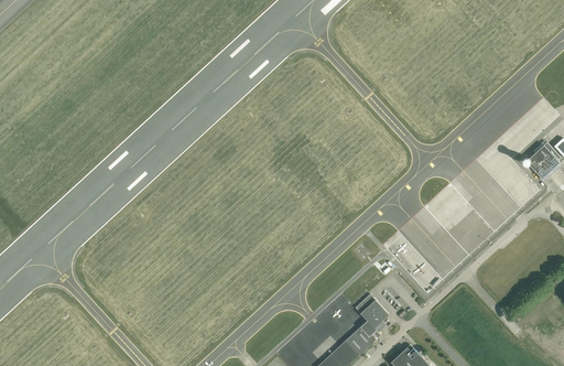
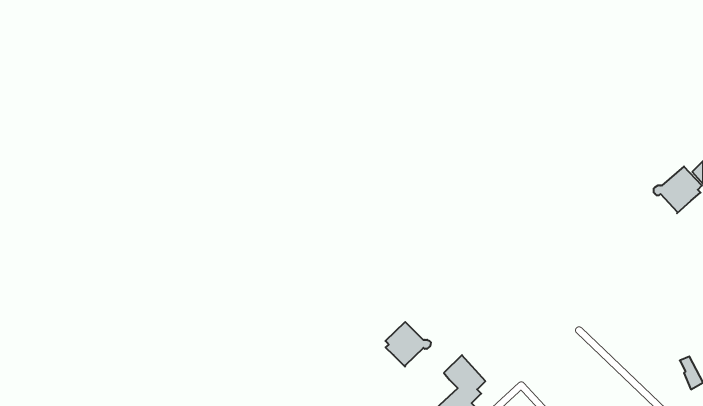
building: none -> [385,322,431,367]

